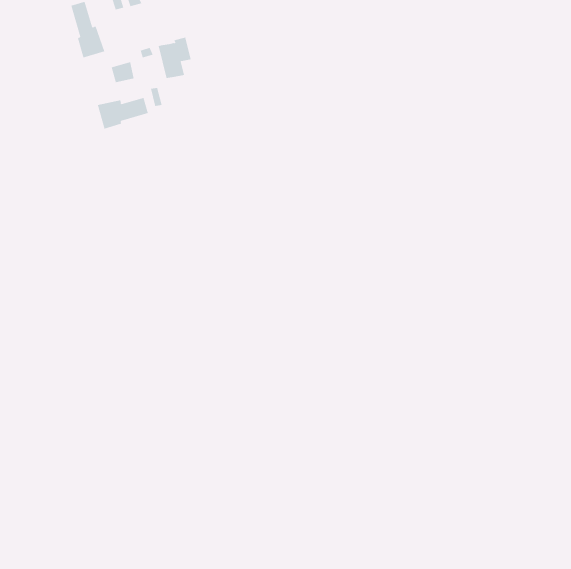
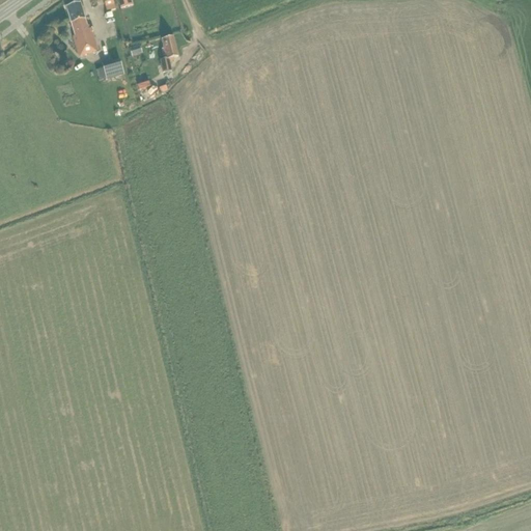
building: [97,97,148,130] -> none

